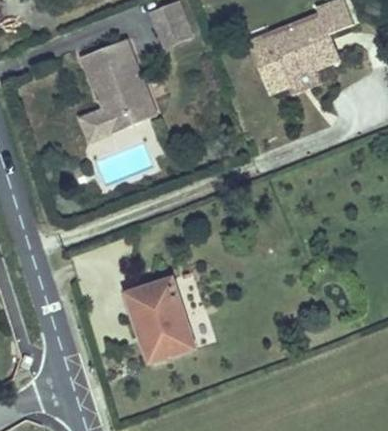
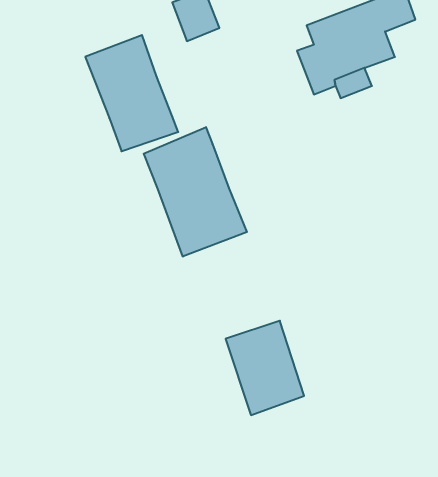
building: none -> [144,127,247,257]
building: [127,279,192,357] -> [226,321,304,415]

